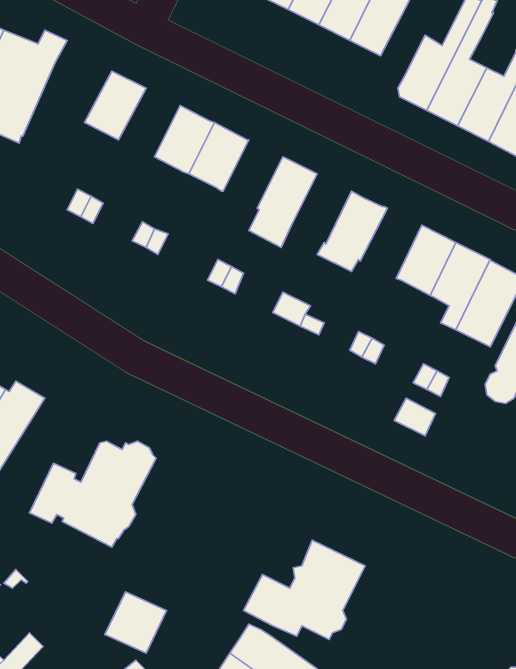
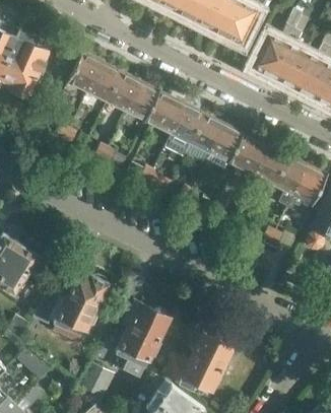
building: none -> [87,64,124,105]
building: none -> [149,94,185,135]
building: none -> [190,115,225,156]
building: none -> [230,135,267,177]
building: none -> [117,301,171,378]

